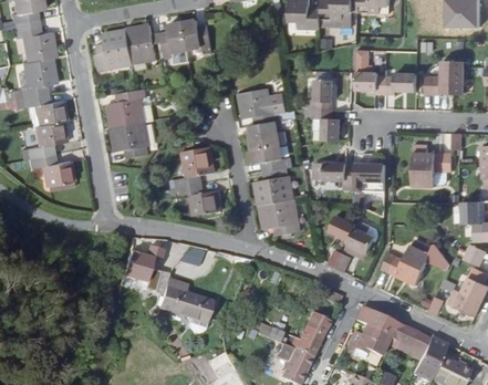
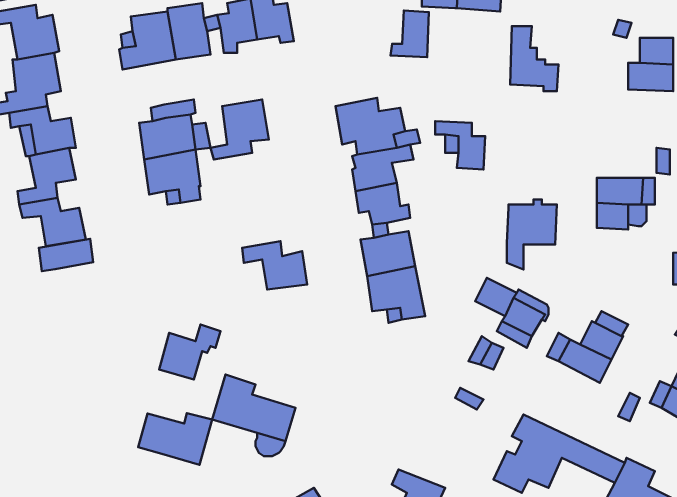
building: [386,69,416,89] -> none
building: [305,79,331,110] -> [391,11,429,57]
building: [175,153,214,192] -> [211,100,269,160]
building: [314,163,354,189] -> none
building: none -> [39,239,93,271]
building: none -> [138,413,212,465]
building: [276,306,330,352] -> none

